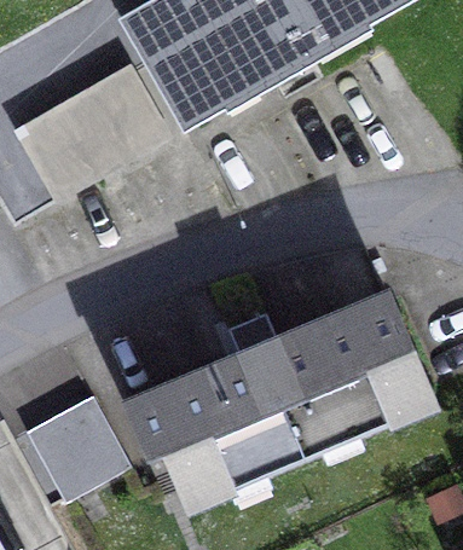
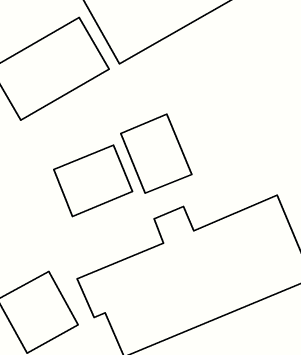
building: none -> [121,114,192,193]
building: none -> [54,145,133,216]

